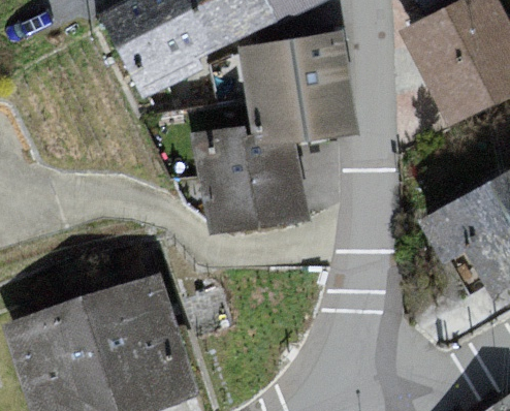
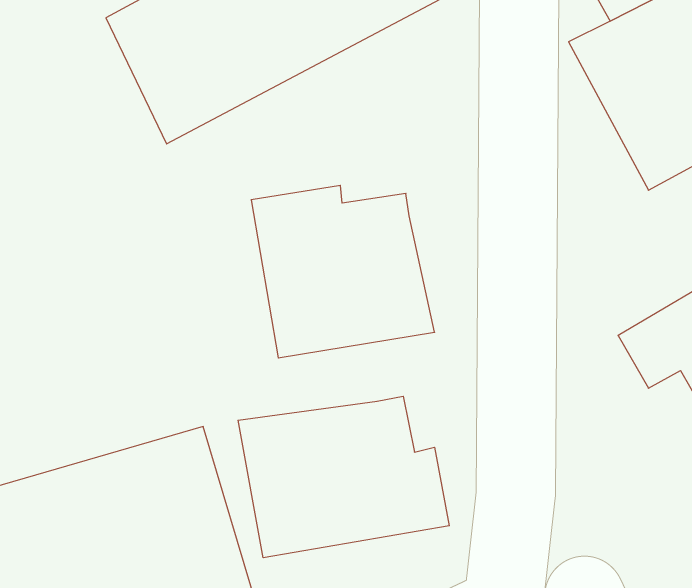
building: [240,28,354,141] -> none
building: none -> [238,396,449,558]

